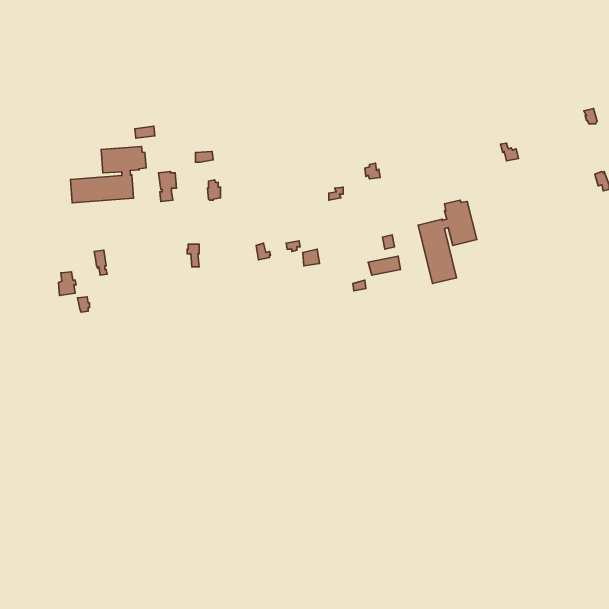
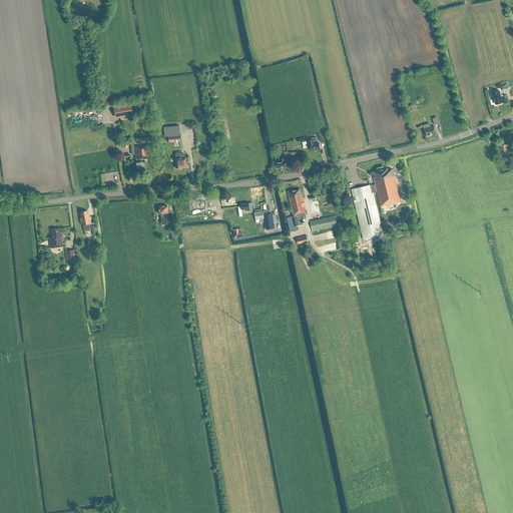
building: [70,147,146,203] -> none
building: none -> [287,188,306,231]

